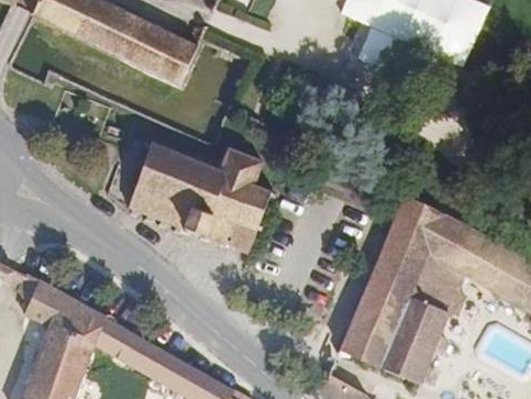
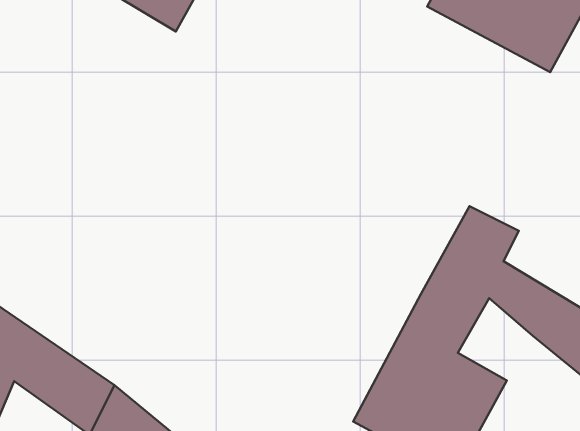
building: [129,135,273,246] -> none
building: [409,255,462,313] -> none

